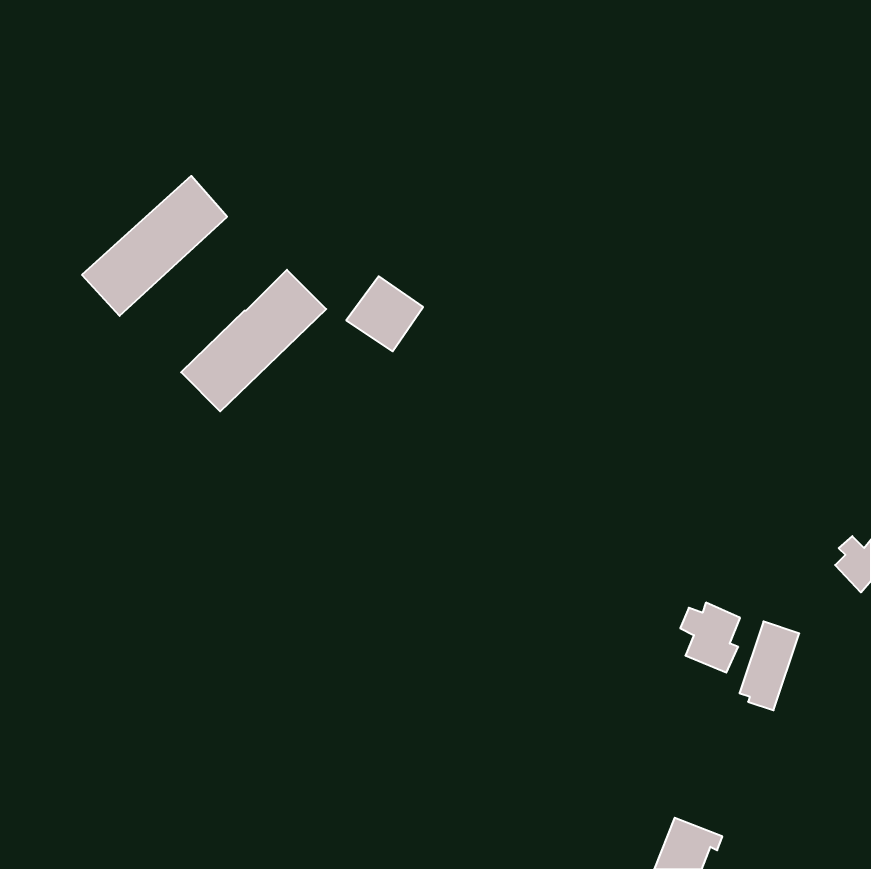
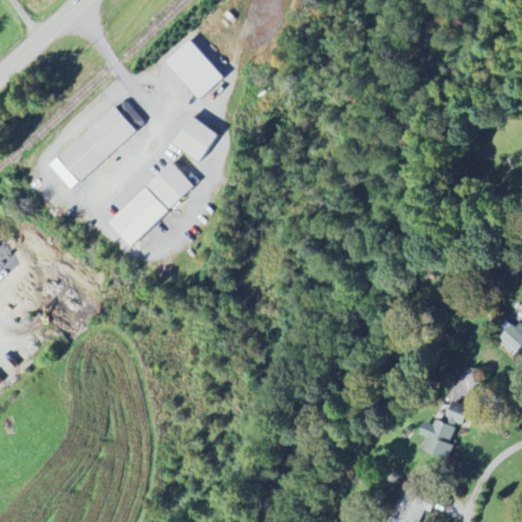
building: none -> [165,40,223,98]
building: [346,276,423,351] -> [172,115,218,160]
building: [680,603,740,673] -> [420,418,456,460]

